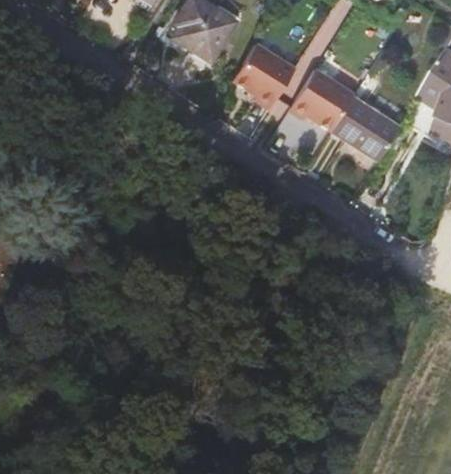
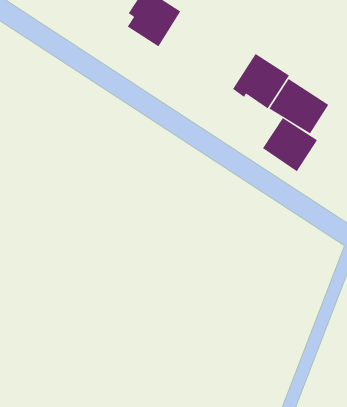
building: [233,42,296,108] -> none
building: none -> [262,117,318,172]

